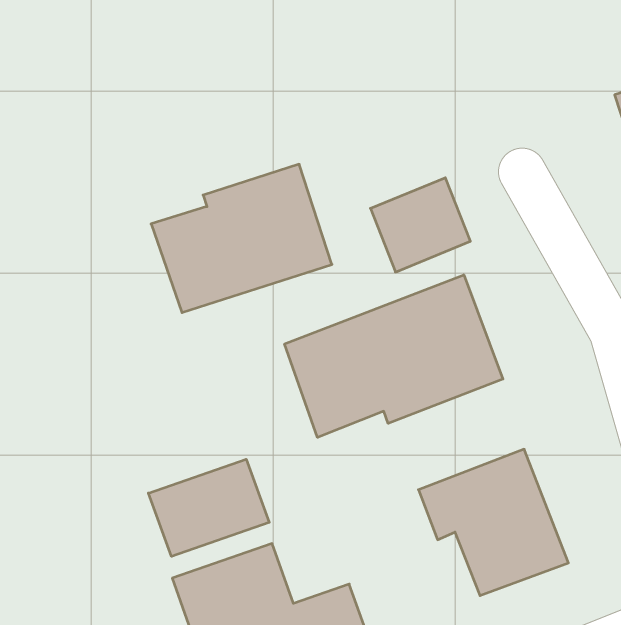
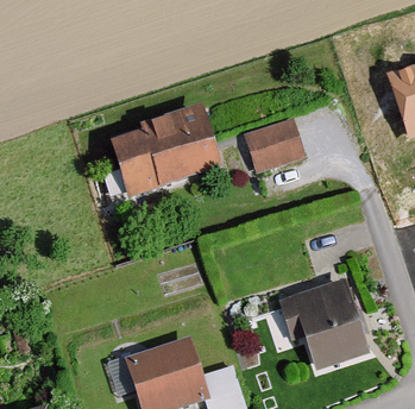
building: [285,275,503,437] -> none
building: [148,459,269,556] -> none

